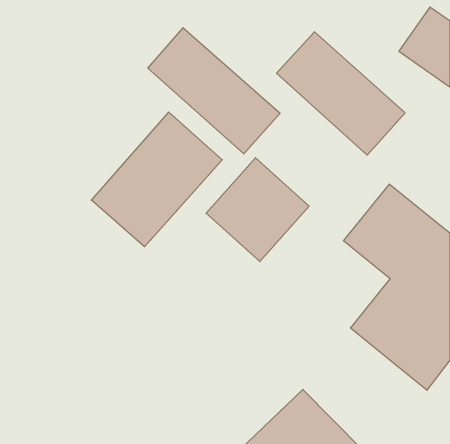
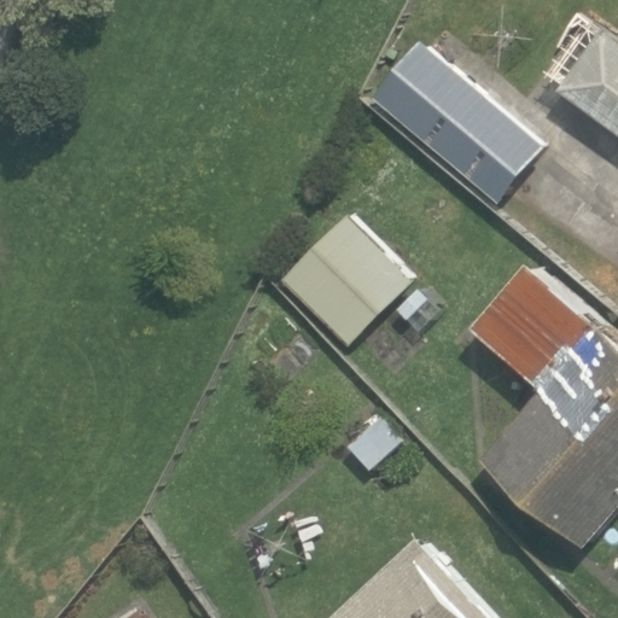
building: [148,28,280,154] -> none
building: [91,112,222,247] -> none

